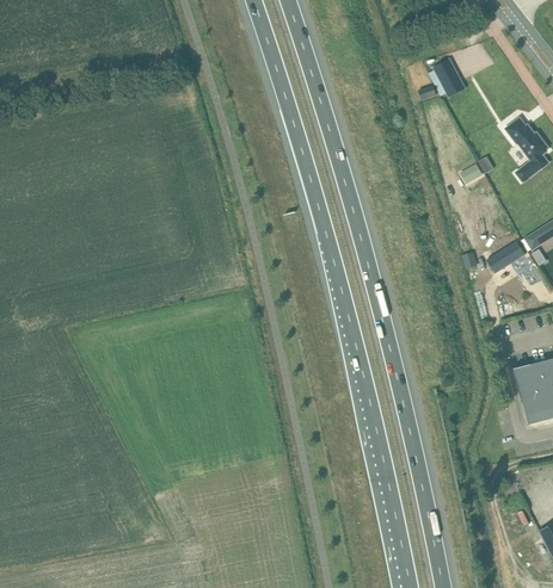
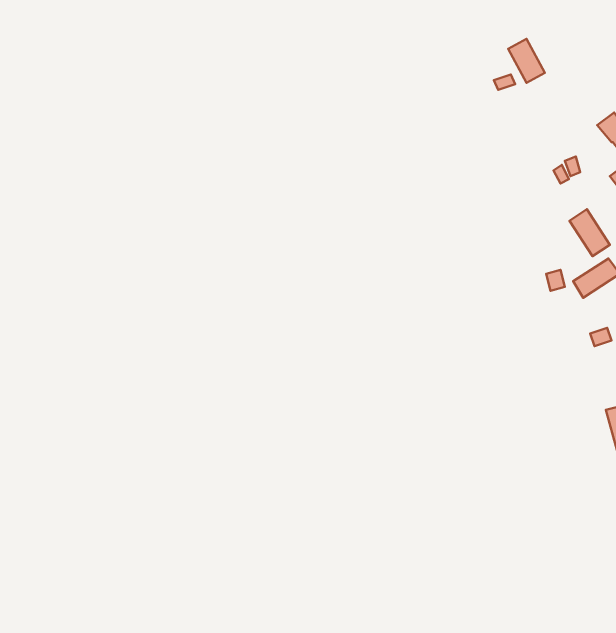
building: none -> [569,209,610,256]

